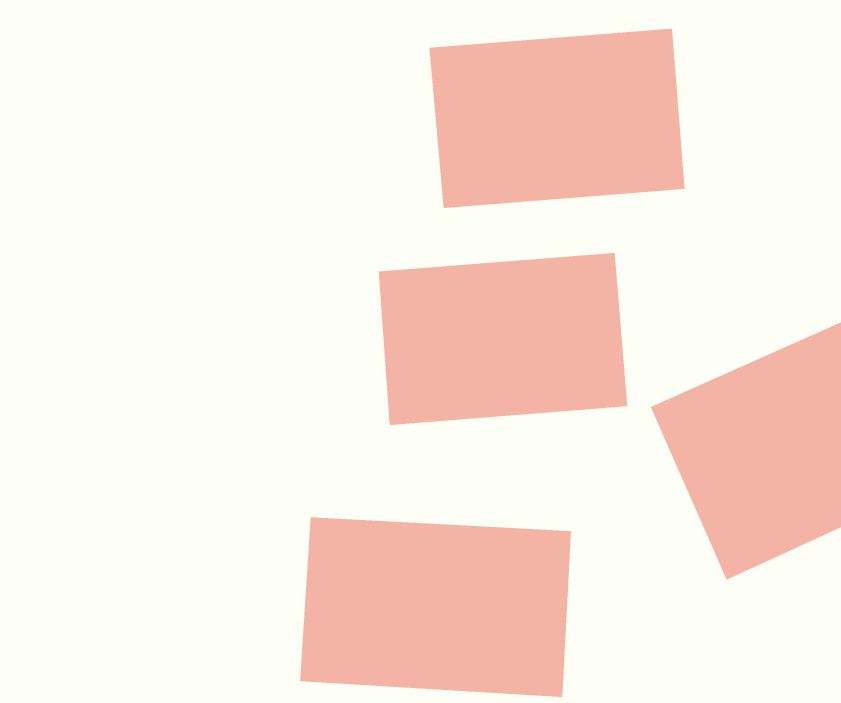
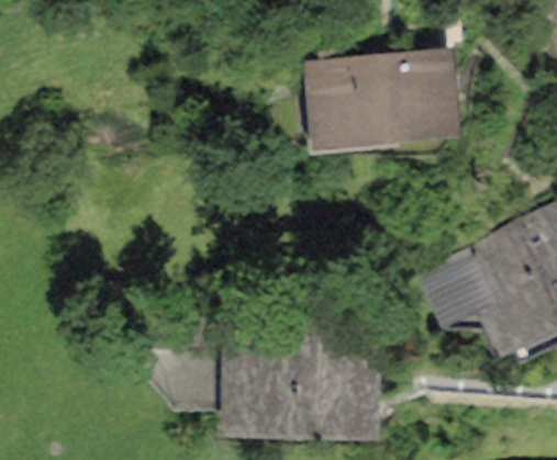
building: [378,252,628,426] -> none

